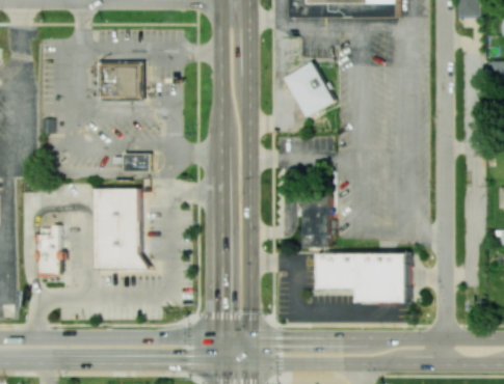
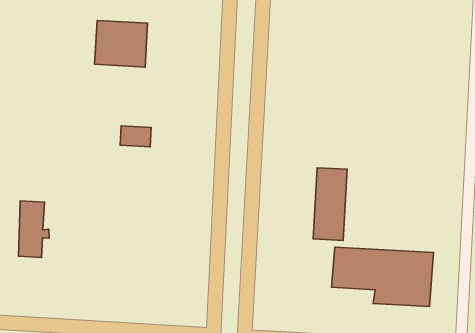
building: [285,62,335,117] -> none
building: [97,190,153,272] -> none

